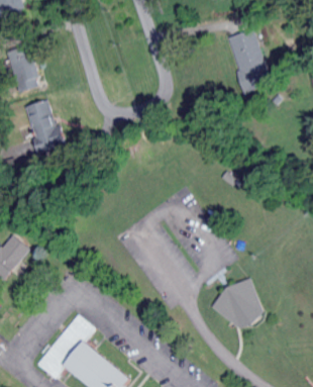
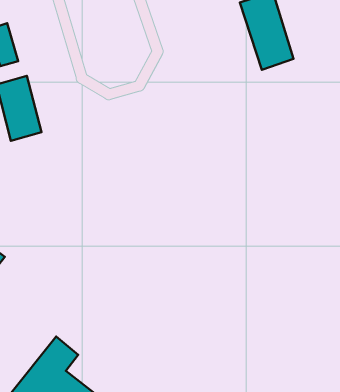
building: [210,281,264,328] -> none

